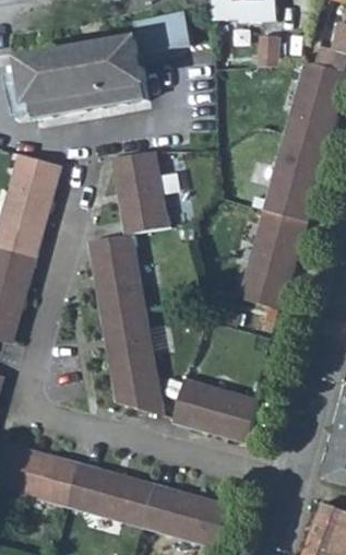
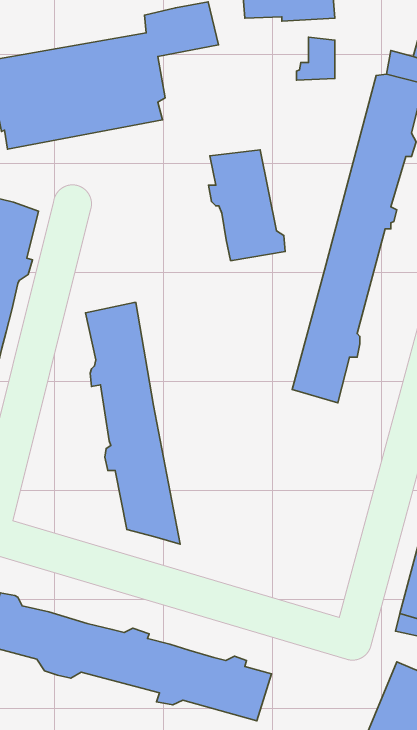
building: [111,152,168,234] -> [209,150,285,260]
building: [175,376,258,437] -> none

